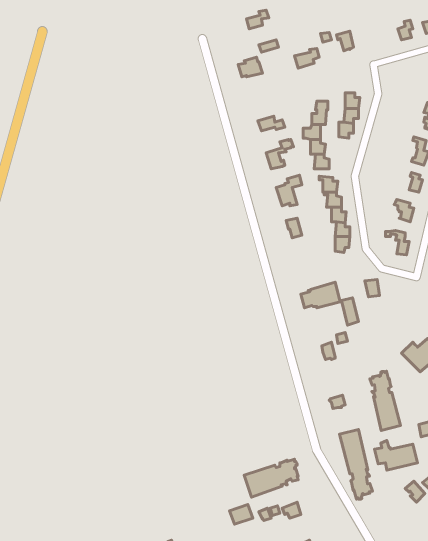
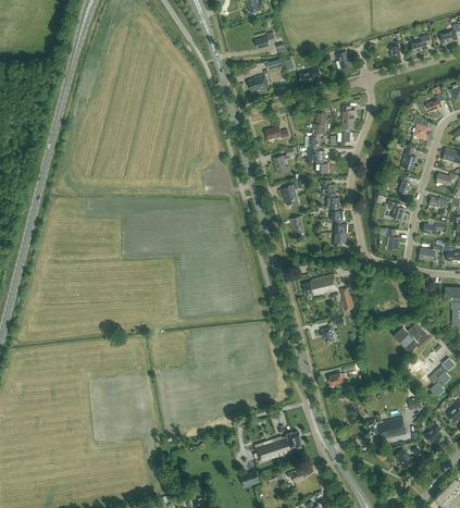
building: [370,371,401,430] -> none
building: [340,429,372,499] -> none

